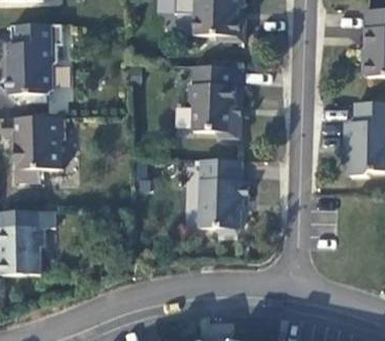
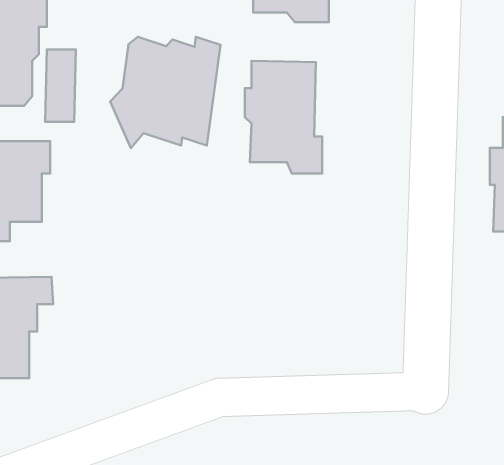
building: none -> [110,37,220,148]
building: [196,159,246,232] -> none

